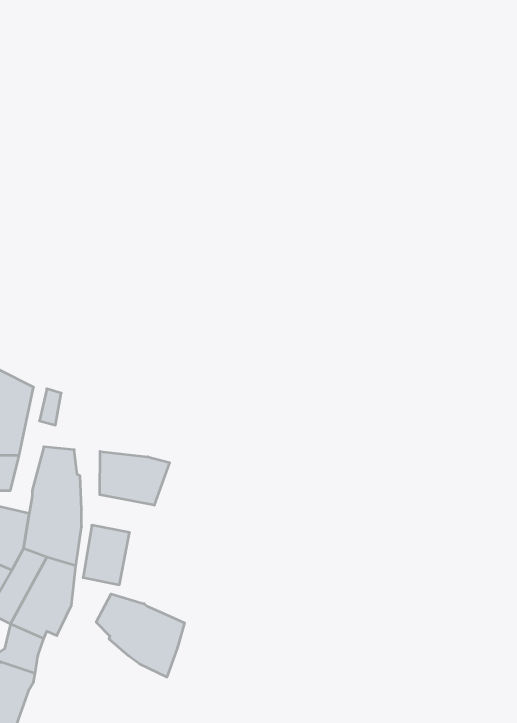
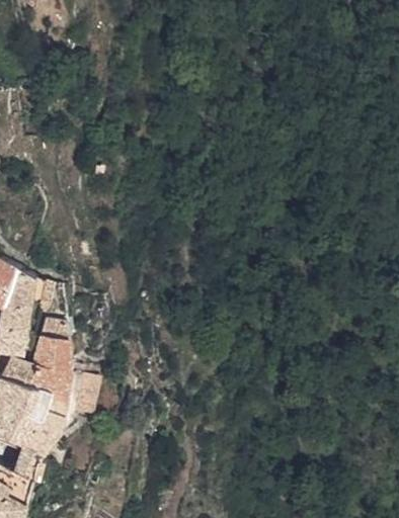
building: [100,451,170,505] -> none
building: [96,594,185,677] -> none

